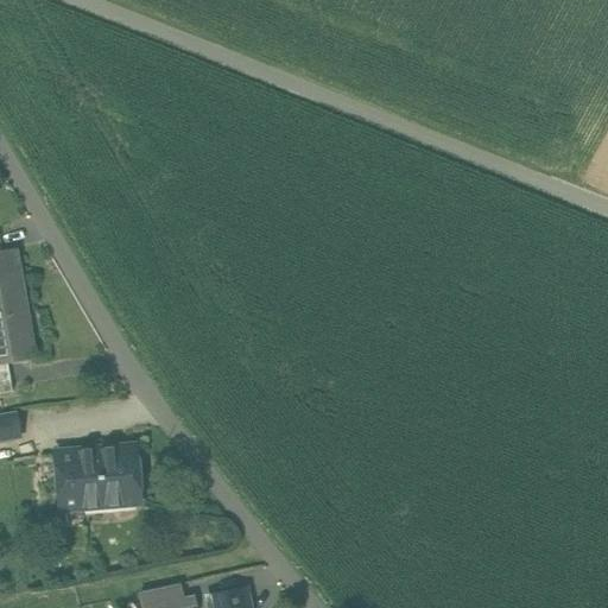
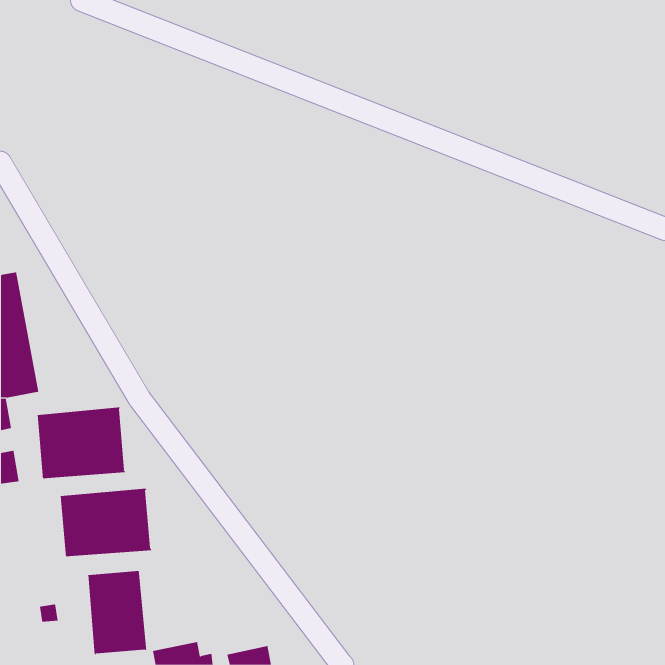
building: none -> [37,407,126,479]
building: none -> [88,570,147,655]

